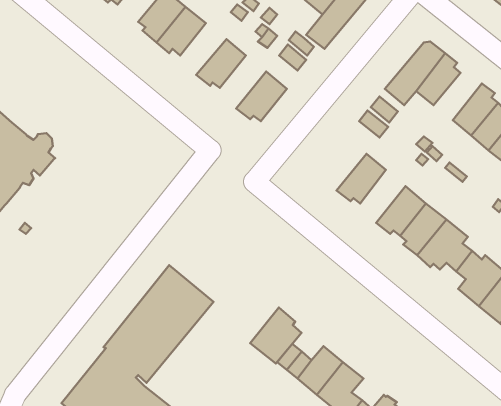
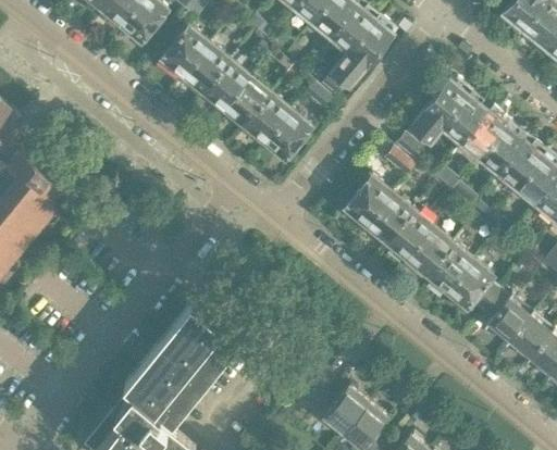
building: none -> [205,61,251,113]
building: none -> [245,93,292,147]
building: none -> [460,111,509,159]
building: none -> [345,176,393,229]
building: none -> [386,209,432,262]
building: [250,308,301,363] -> none

